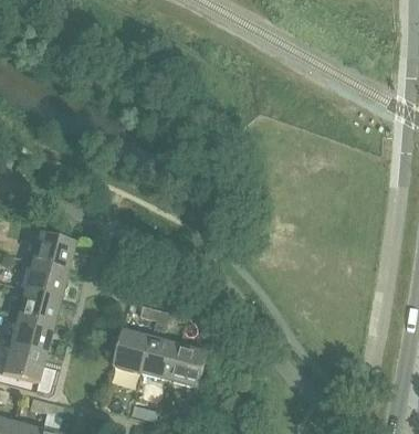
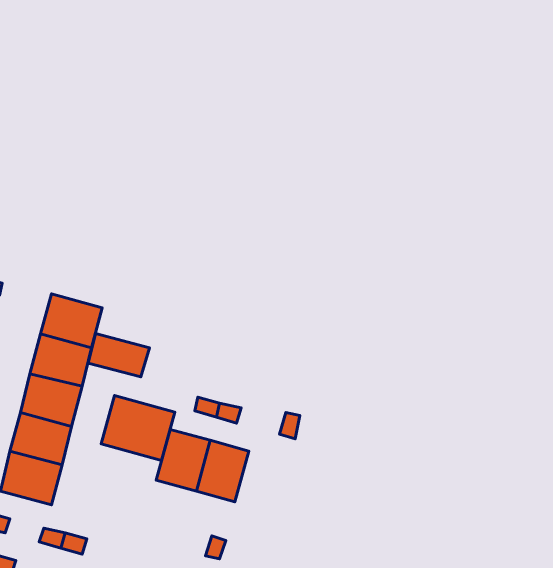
building: none -> [88,333,150,377]
building: none -> [101,396,175,460]
building: [170,343,209,388] -> none

